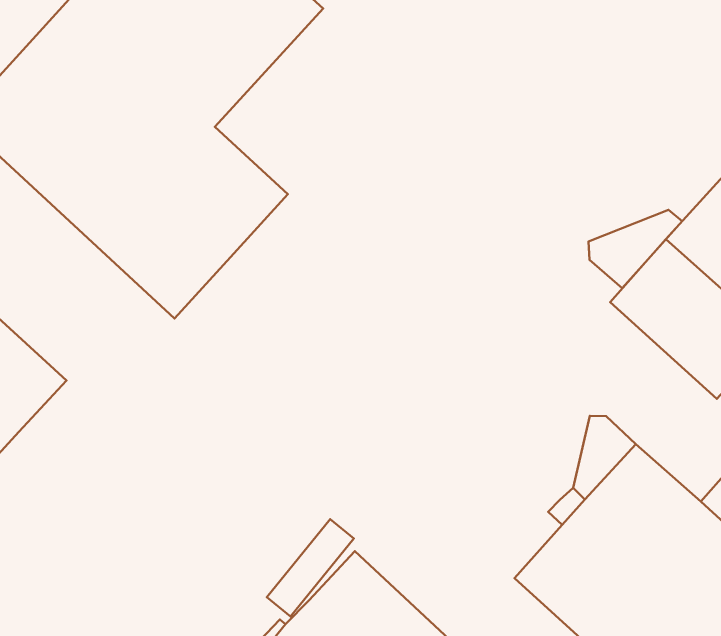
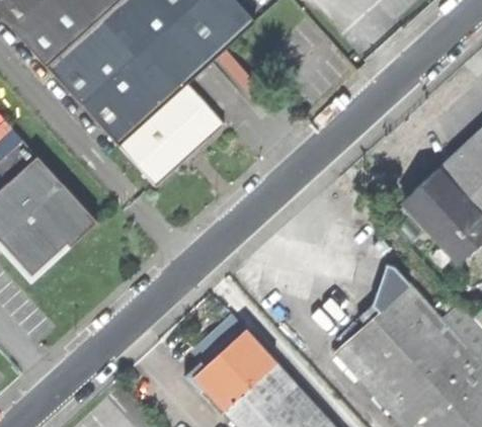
building: [589,210,682,288] -> none

